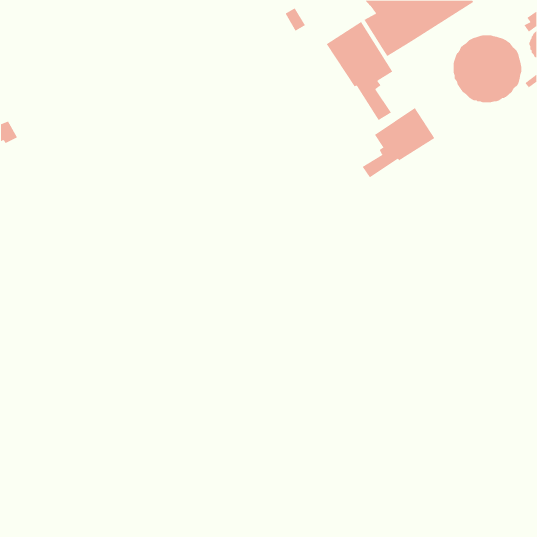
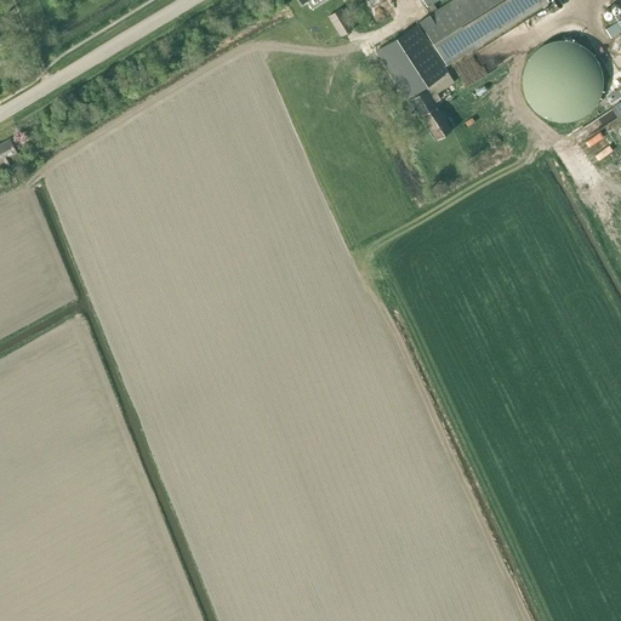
building: [362,107,435,178] -> none

